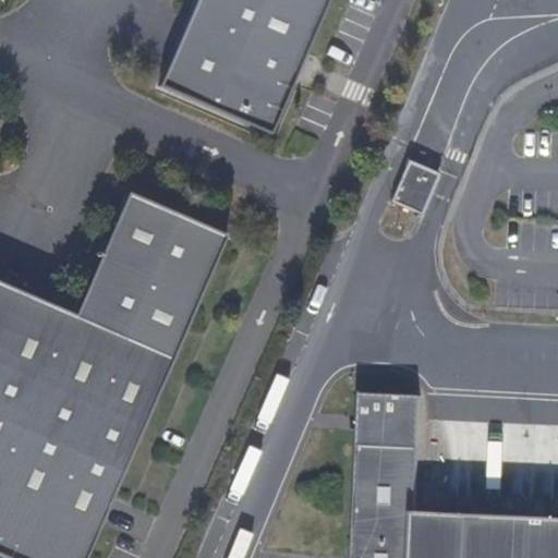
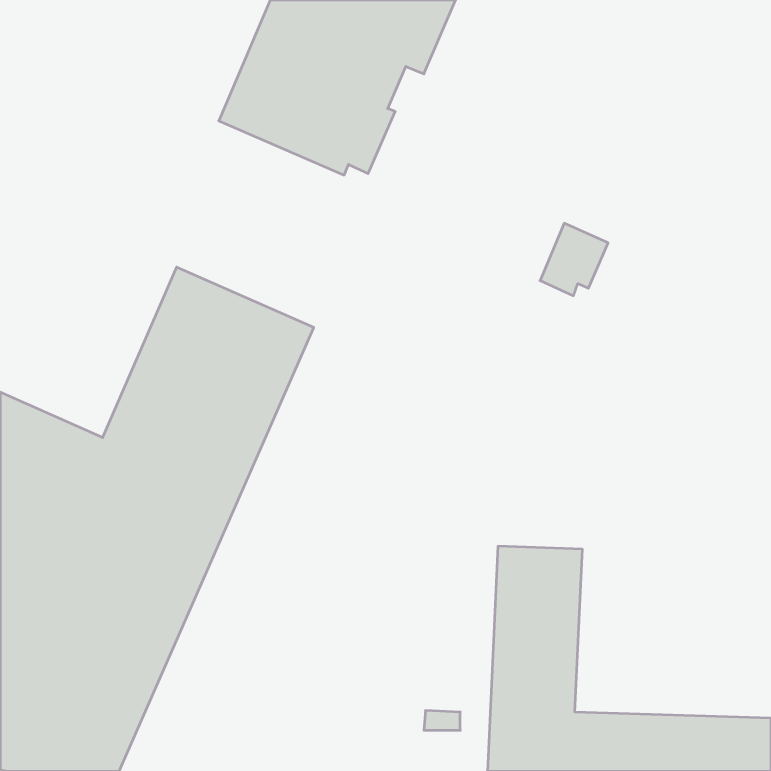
building: [248,48,306,135] -> none

